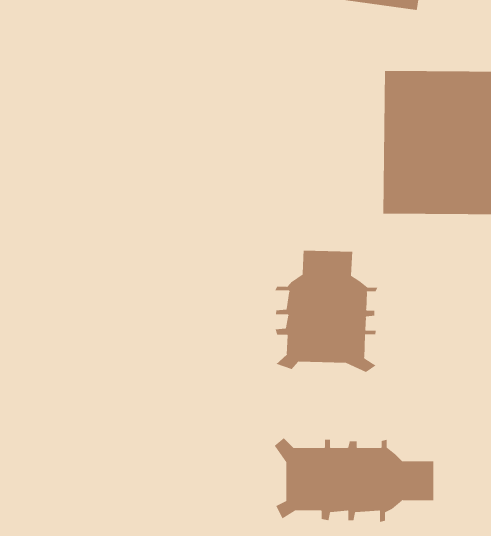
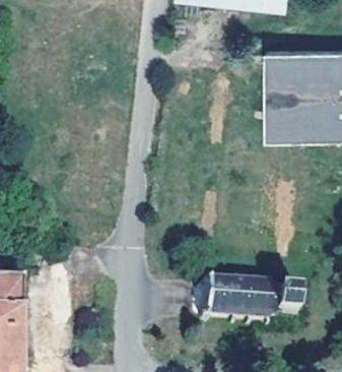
building: [275,250,378,373] -> none

